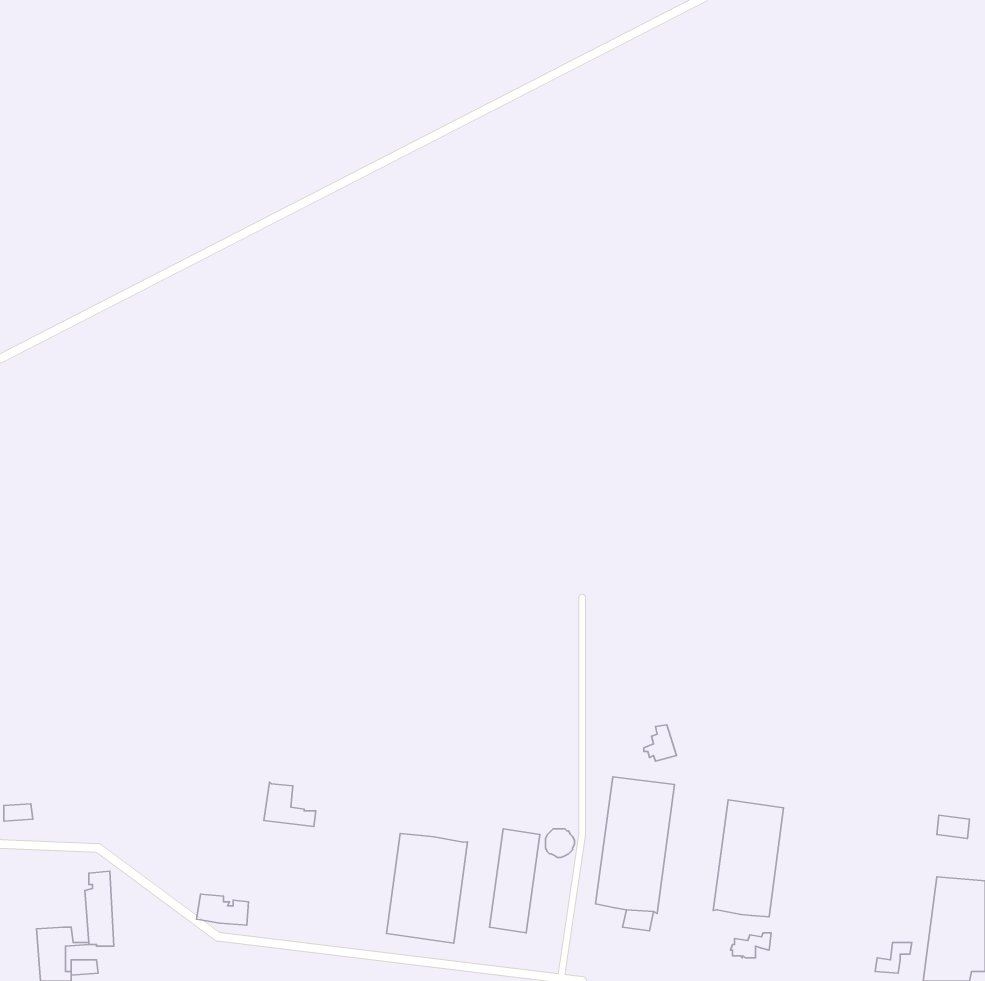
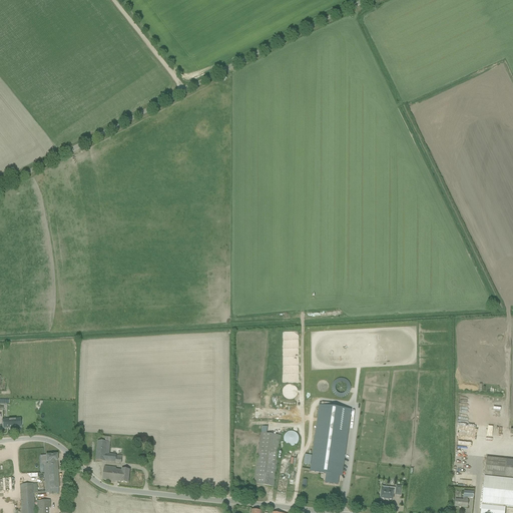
building: [264,782,316,826] -> [95,439,122,462]
building: [713,800,783,917] -> none
building: [387,834,468,943] -> none

